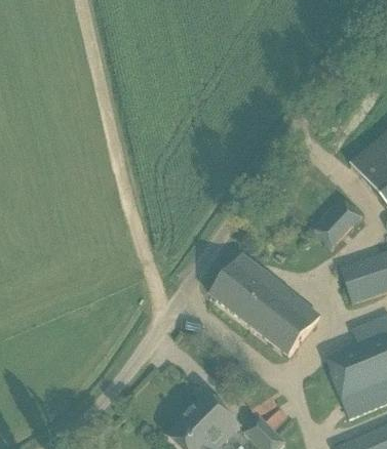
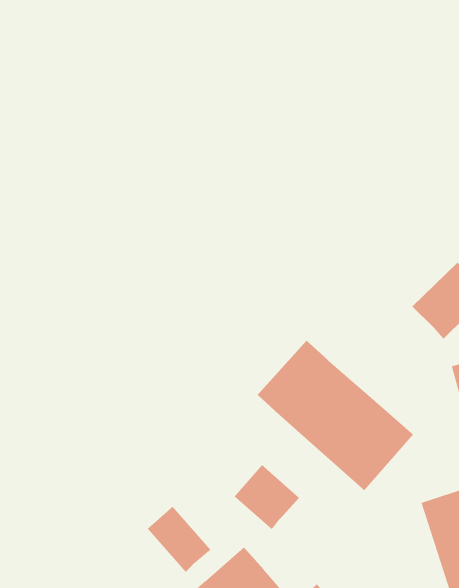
building: none -> [234,464,300,530]
building: none -> [147,506,211,573]

